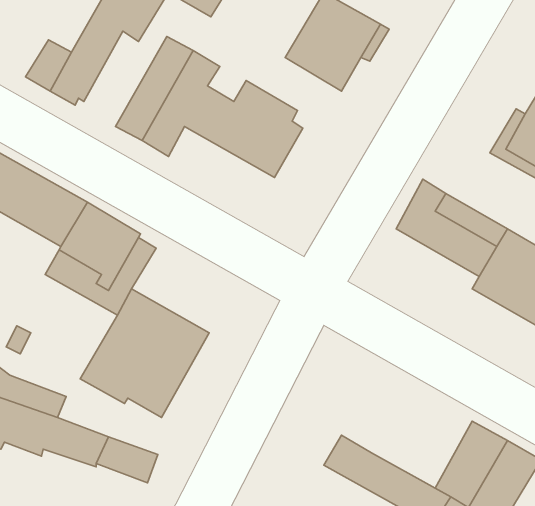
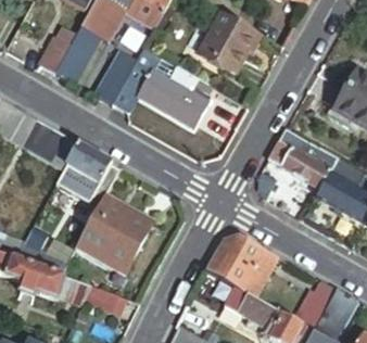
building: none -> [204,231,277,295]

